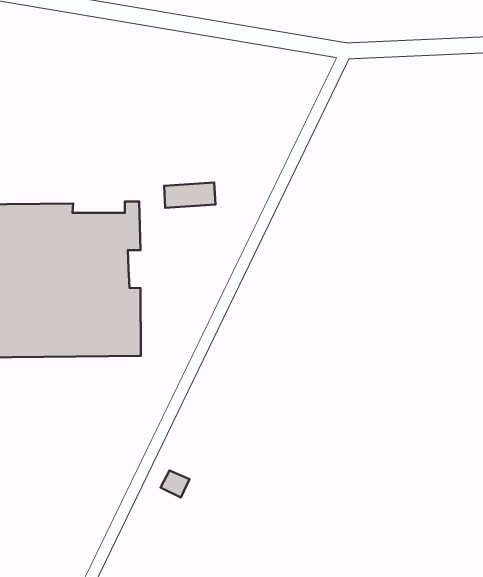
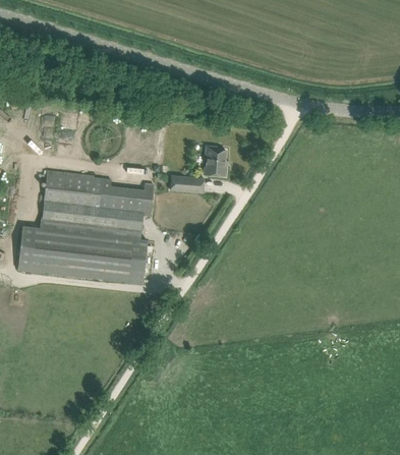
building: none -> [204,147,226,176]

